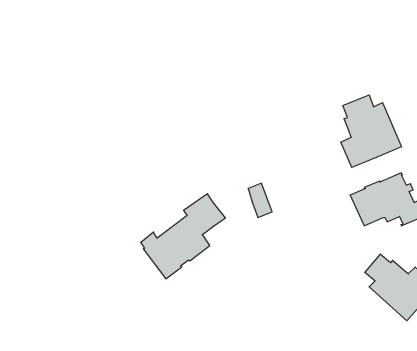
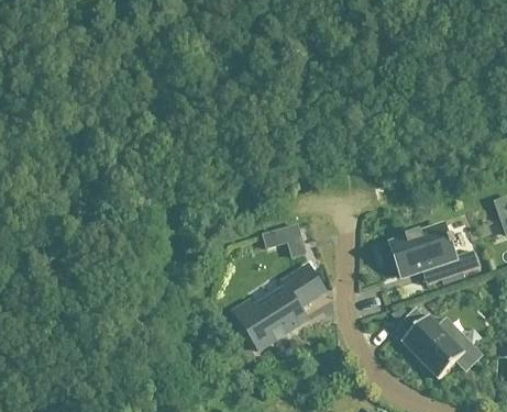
building: [341,95,401,167] -> none
building: [141,194,225,279] -> [235,266,326,350]

